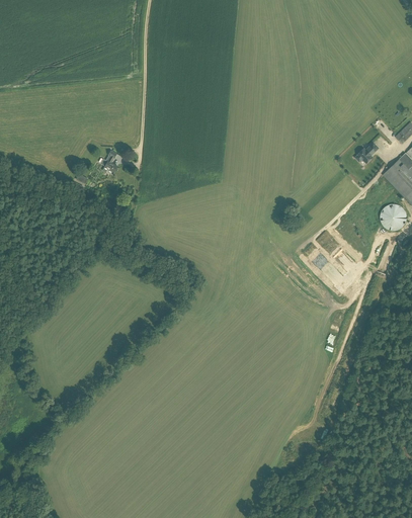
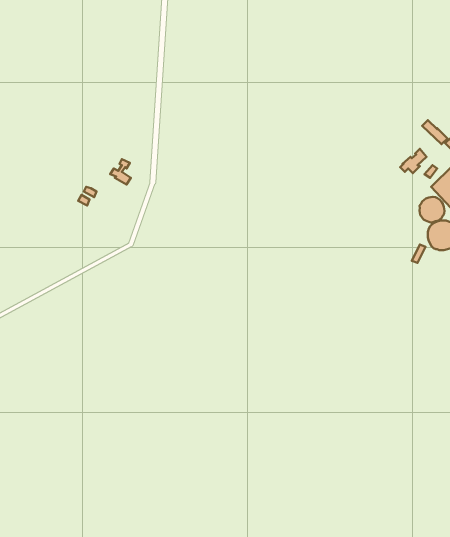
building: none -> [419,197,445,223]

